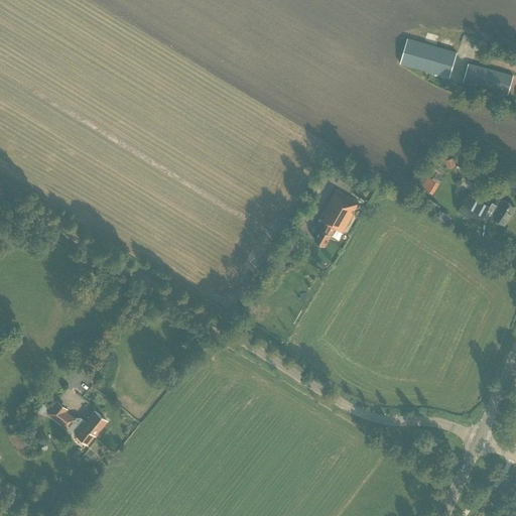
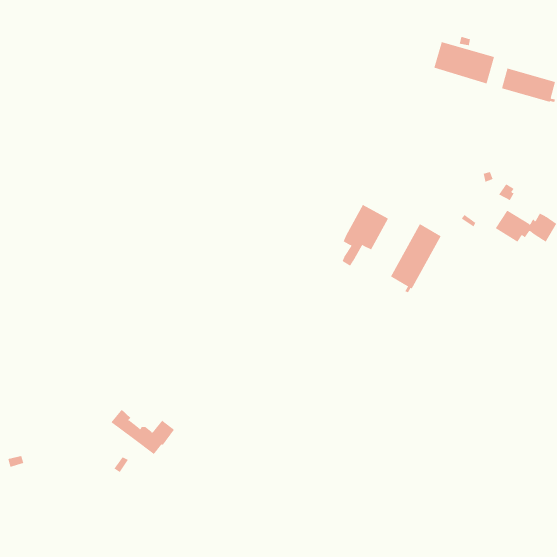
building: none -> [390,223,441,293]
building: [46,400,106,442] -> [111,409,175,455]

